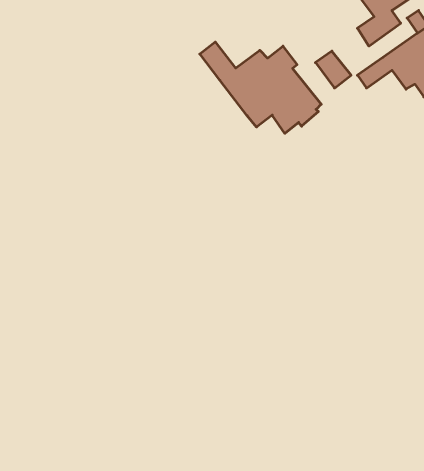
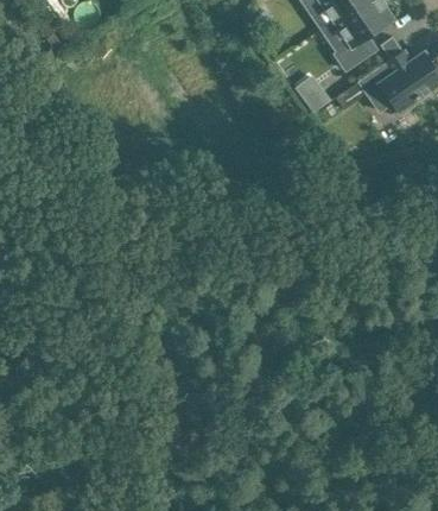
building: [200,42,321,133] -> none

